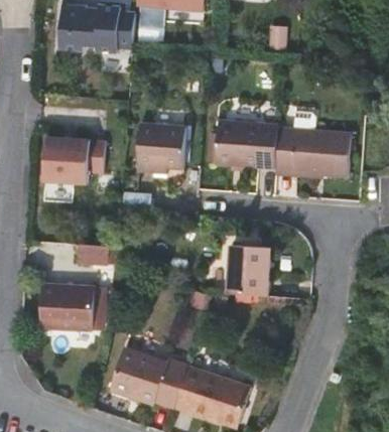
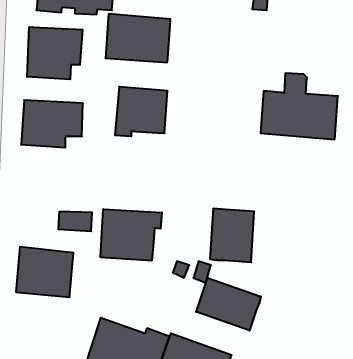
building: none -> [27,27,82,79]
building: [216,122,279,169] -> [105,14,170,62]
building: none -> [101,209,162,261]
building: none -> [196,278,261,331]

